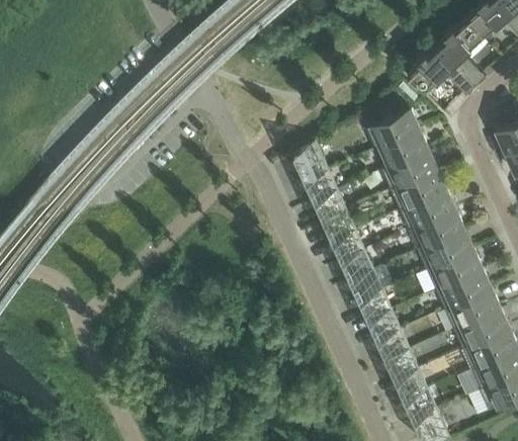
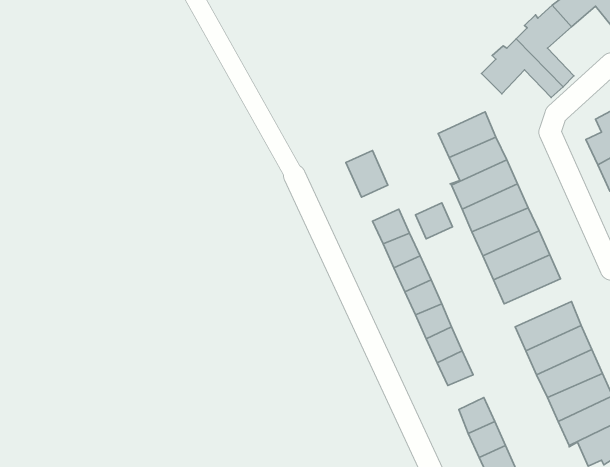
building: [307,174,338,204] -> [415,203,453,239]
building: [427,253,484,293] -> none
building: [379,334,410,363] -> none

